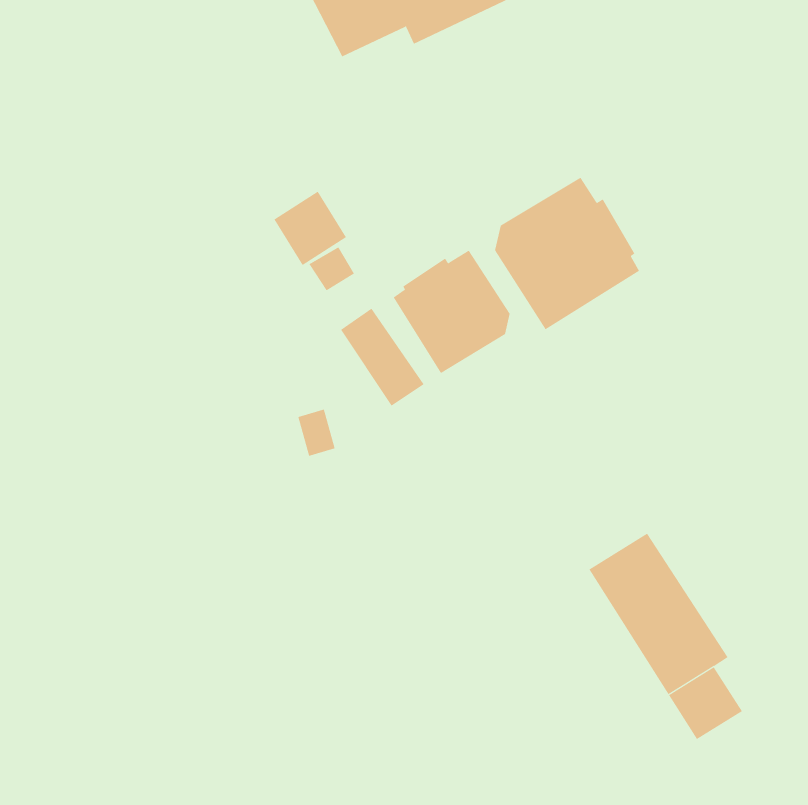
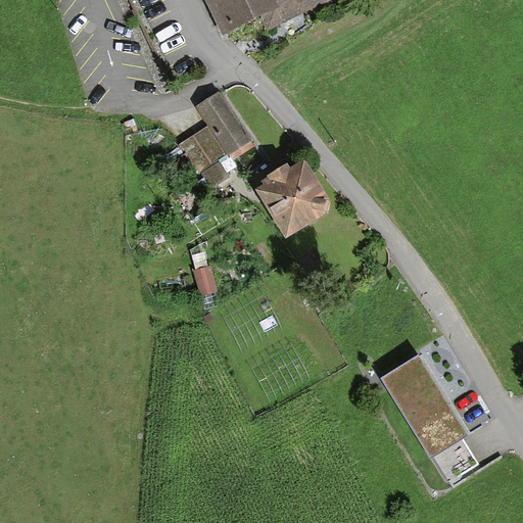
building: [495,177,640,330] -> none
building: [340,308,424,406] -> [195,90,249,153]

